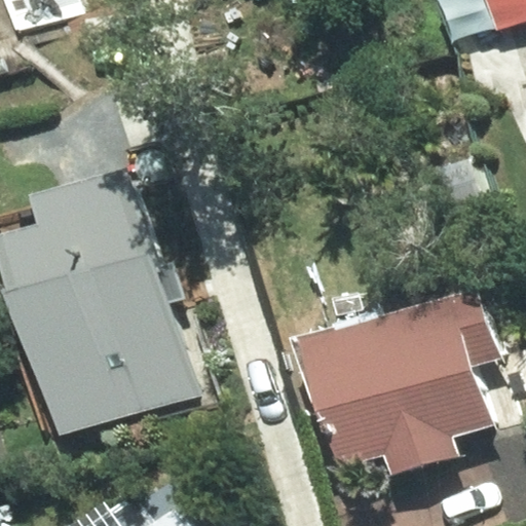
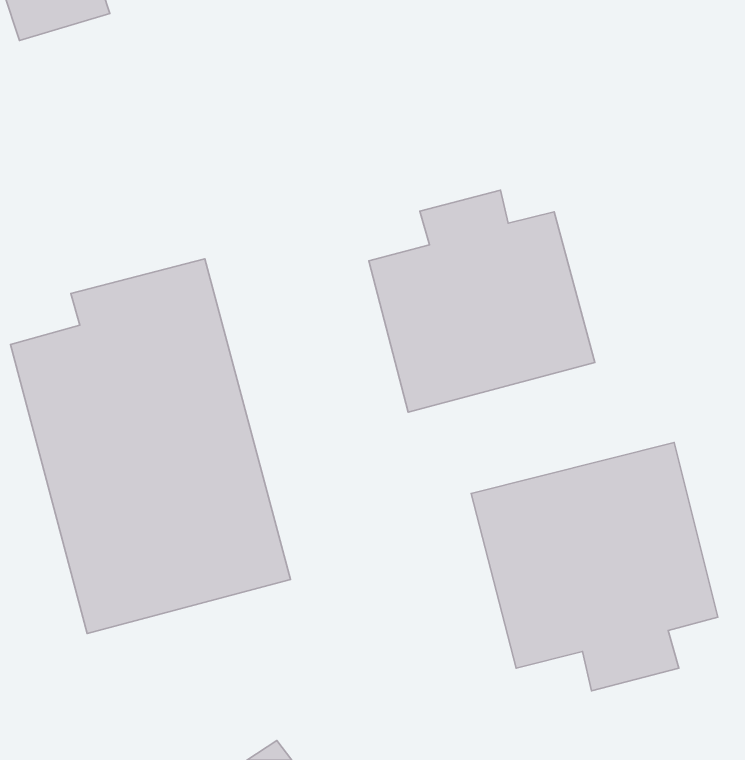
building: none -> [369,190,595,412]

